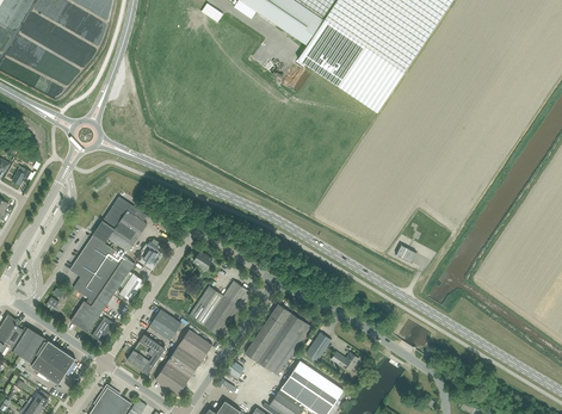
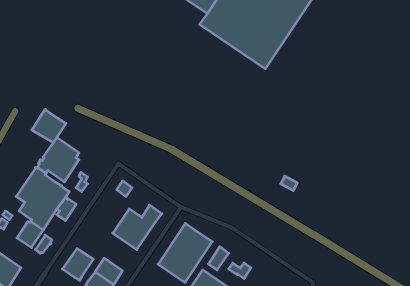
building: none -> [32,109,66,143]
building: [149,309,181,340] -> none
building: [178,329,212,362] -> none

